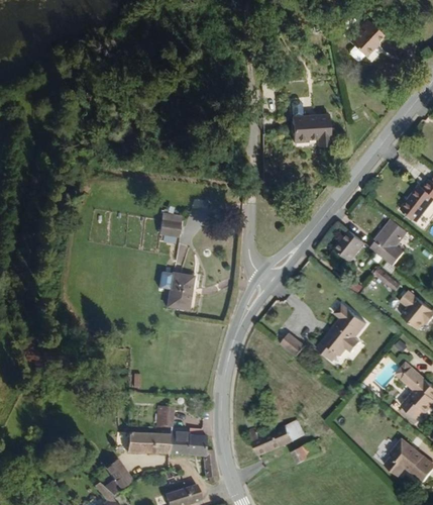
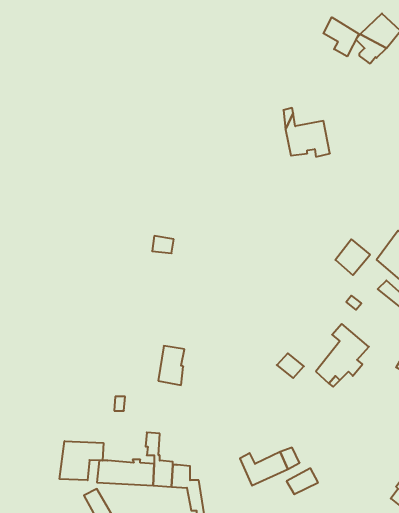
building: none -> [323,17,359,56]
building: [171,275,195,311] -> [158,346,184,385]
building: none -> [60,441,103,480]

